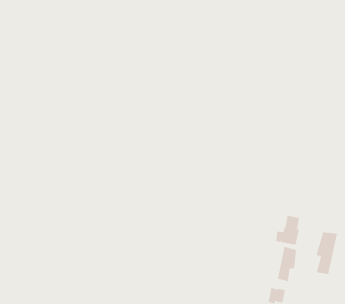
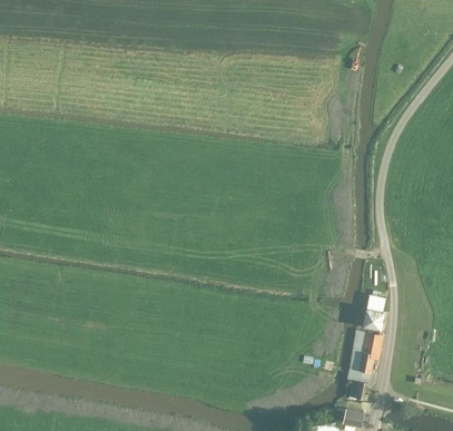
building: [316,231,338,275] -> none

